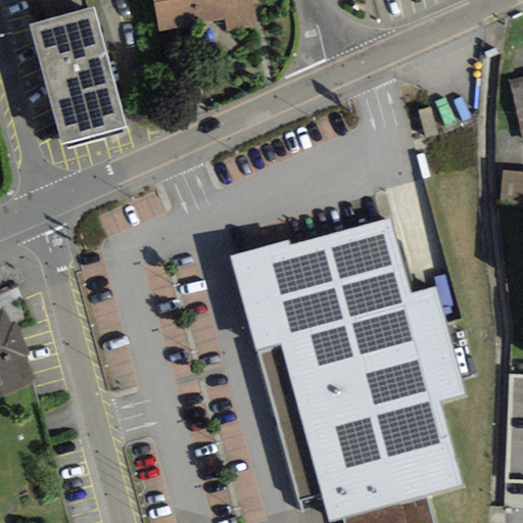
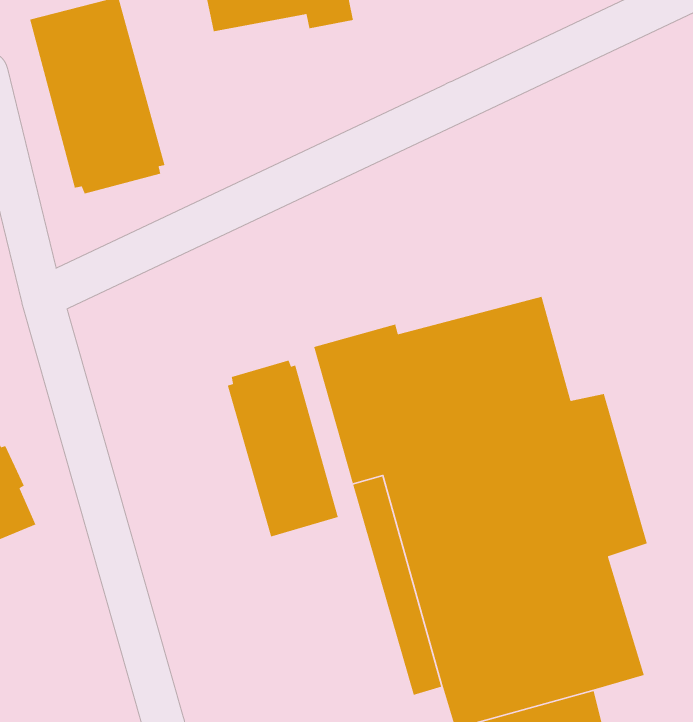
building: none -> [227,360,339,538]

